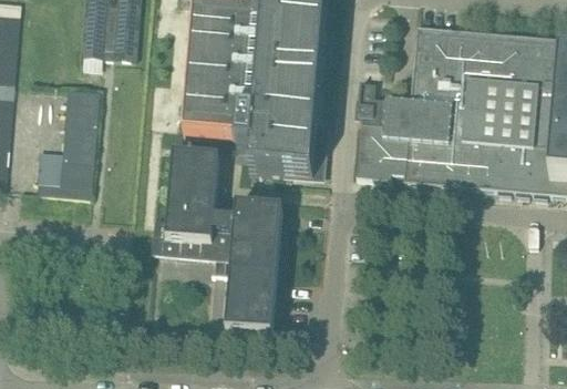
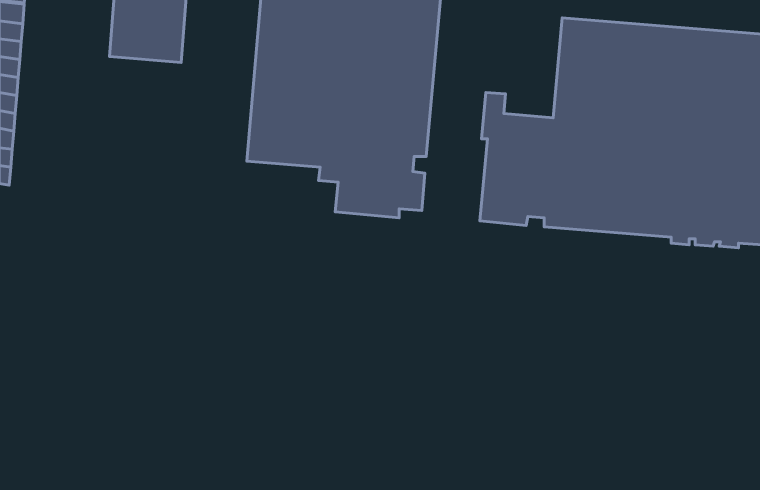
building: [38,90,101,198] -> none
building: [153,152,282,334] -> none

